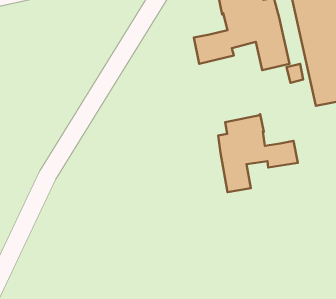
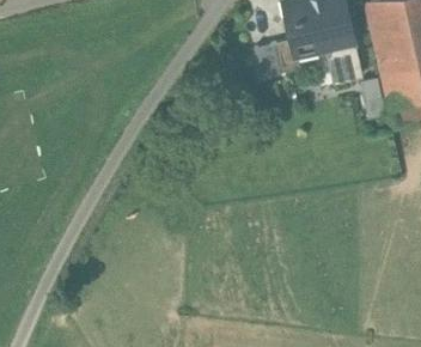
building: [218,114,298,192] -> none

